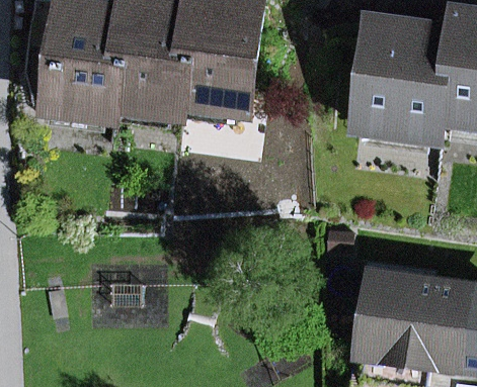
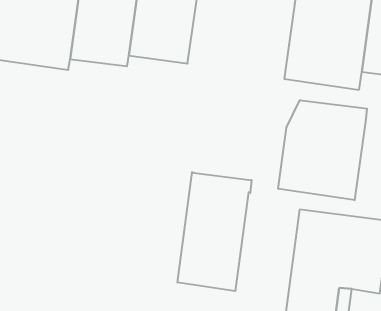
building: none -> [278,100,367,200]
building: none -> [178,172,252,291]

